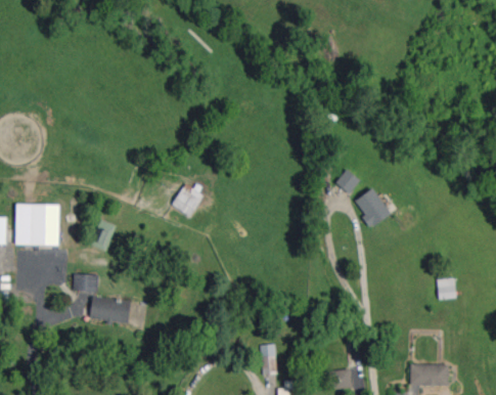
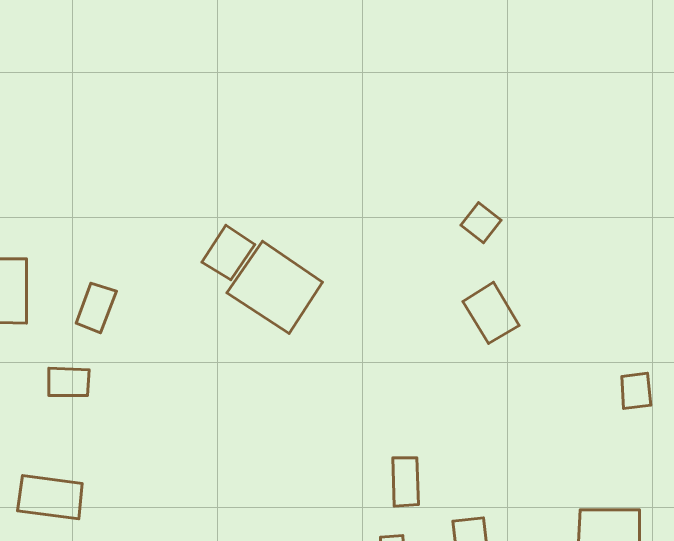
building: [354,188,390,227] -> [463,282,519,343]
building: none -> [227,241,323,334]
building: [89,297,130,324] -> [18,475,82,519]
building: [260,345,276,376] -> [393,458,418,506]

